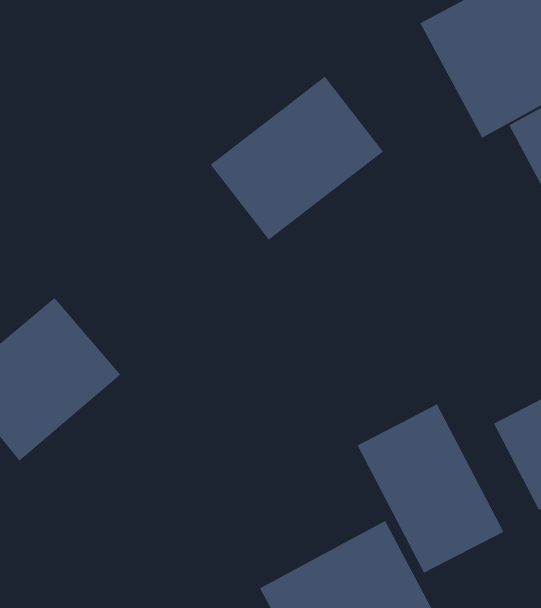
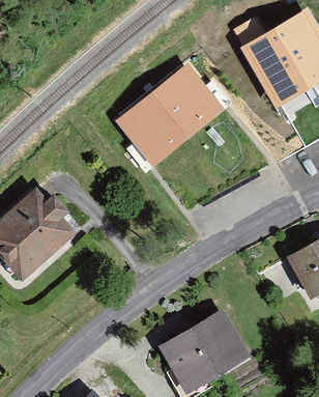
building: [357,404,504,574] -> none

